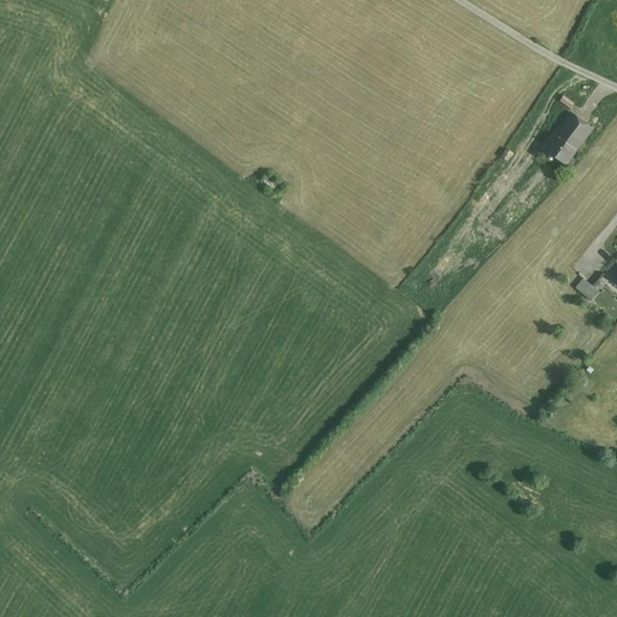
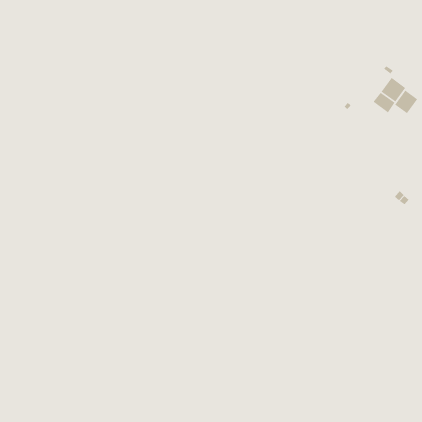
building: none -> [394,89,418,114]

